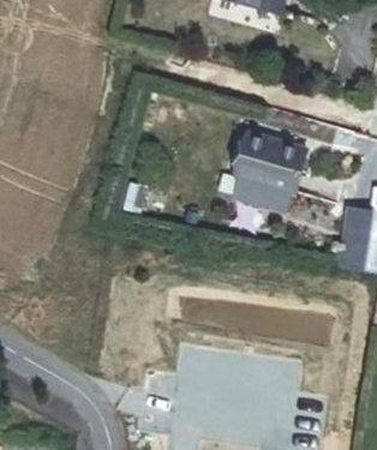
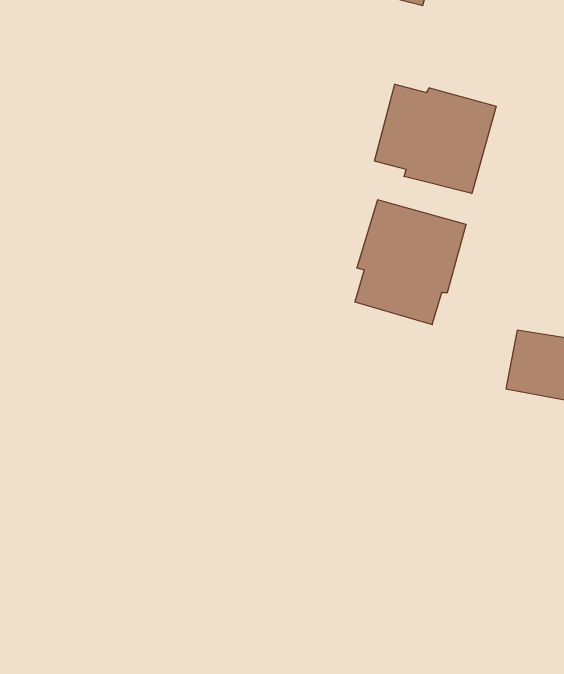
building: none -> [375,84,496,194]

